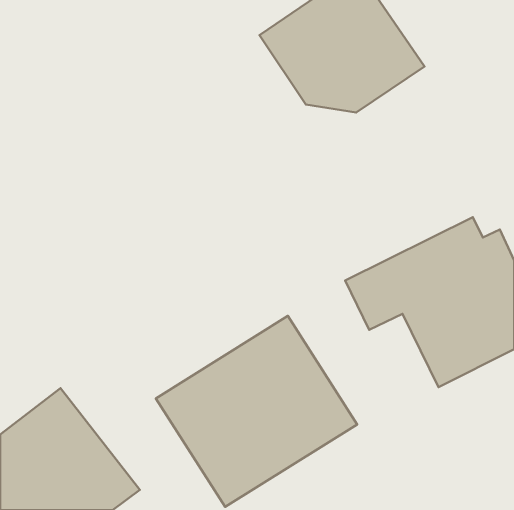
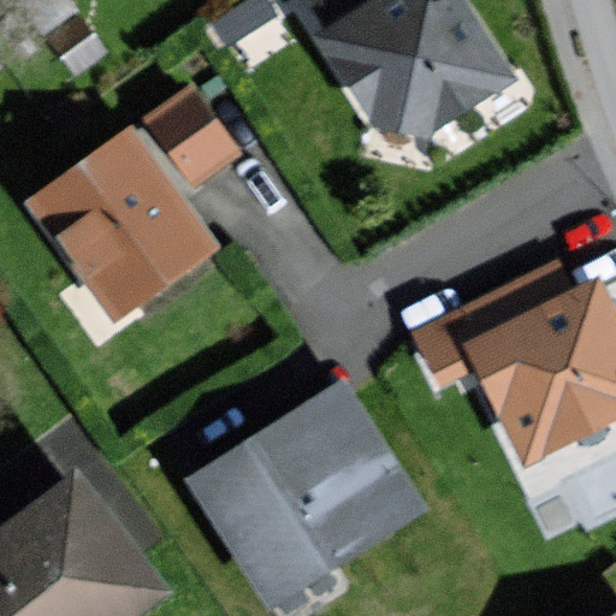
building: none -> [28,90,239,324]

